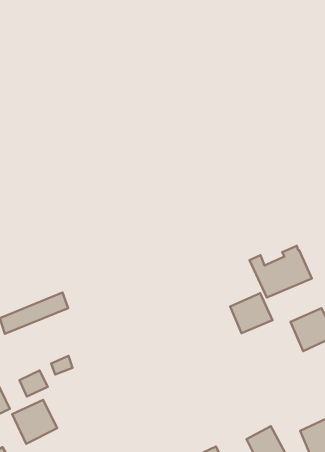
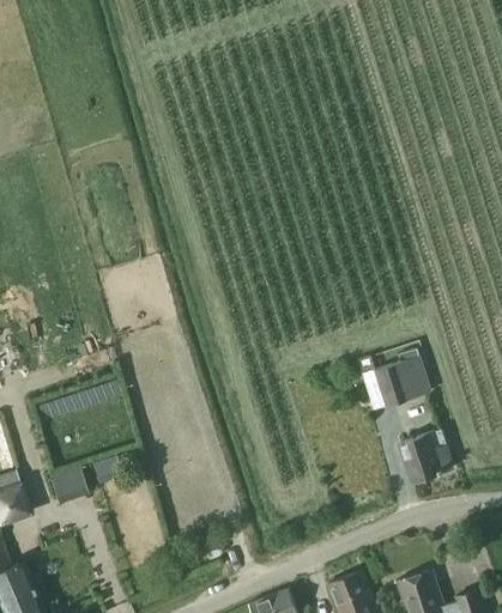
building: [230,293,272,333] -> none
building: [12,400,57,444] -> none

